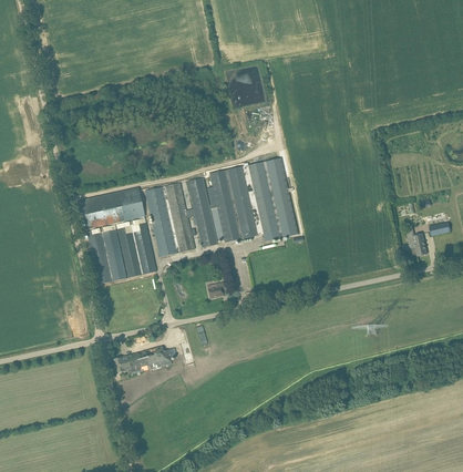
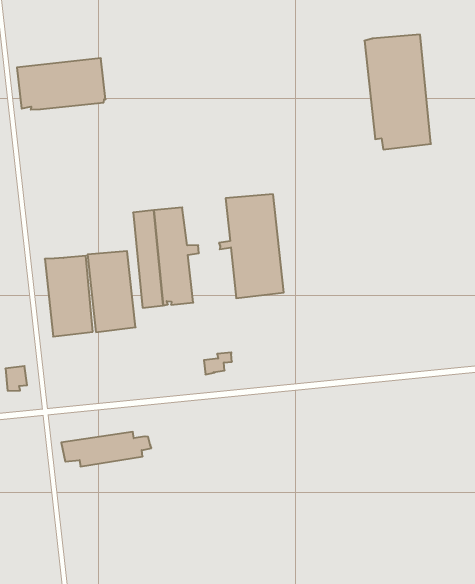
building: [243,157,298,242] -> [364,35,431,149]
building: [187,177,217,247] -> none
building: [80,187,145,229] -> [17,58,106,110]

